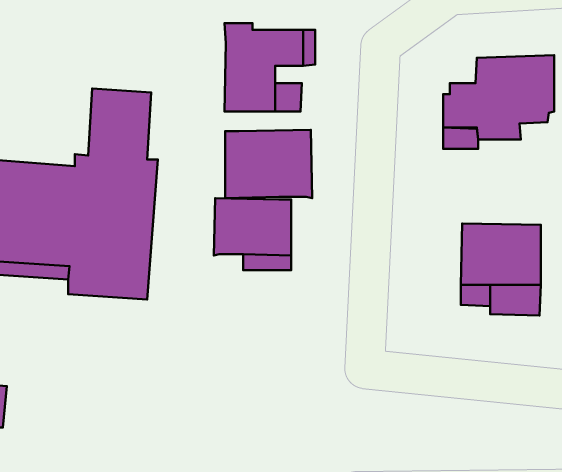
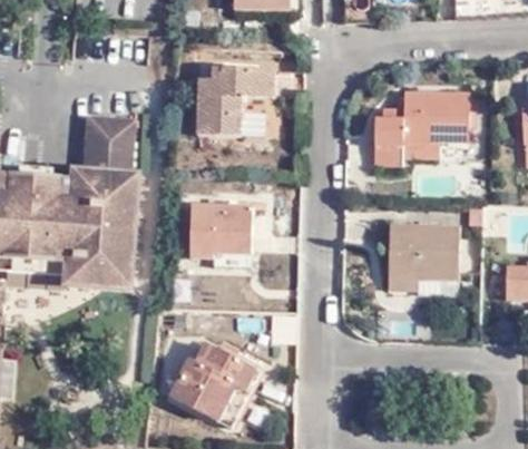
building: [225,130,312,198] -> none
building: none -> [169,341,257,422]

